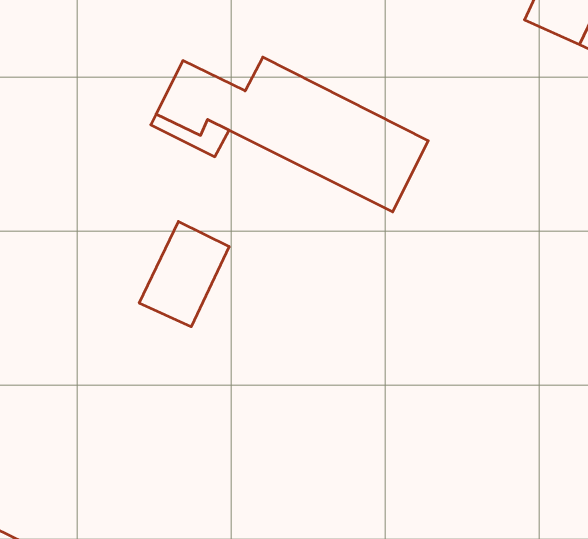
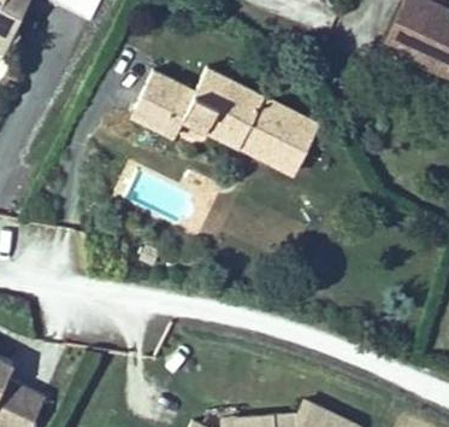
building: [139,221,229,327] -> none

